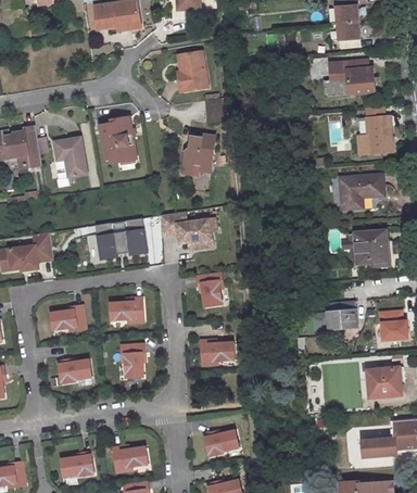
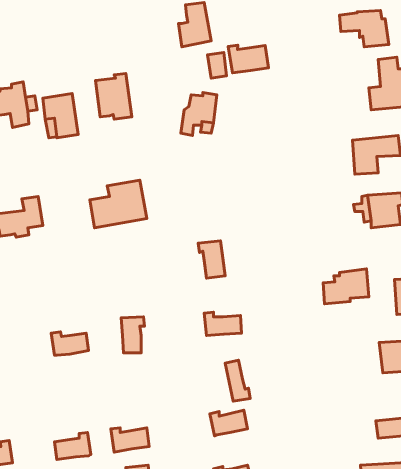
building: none -> [228,45,268,73]
building: [159,213,212,251] -> none
building: [111,298,144,320] -> none
building: [53,304,88,329] -> none
building: none -> [225,360,250,401]

